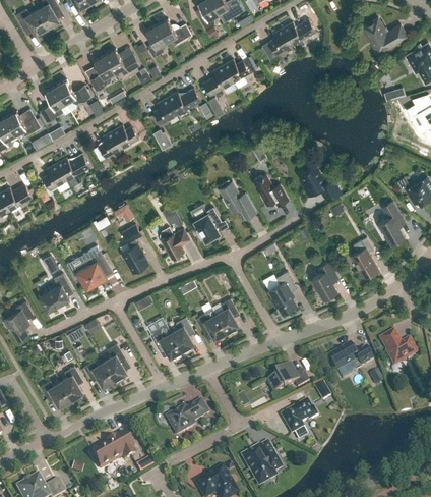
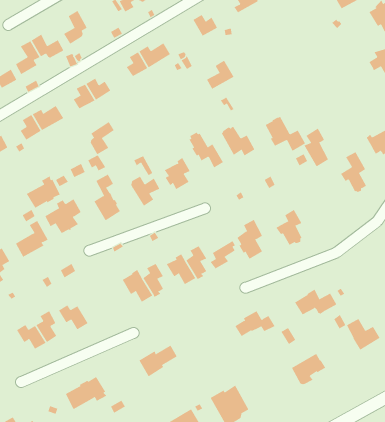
building: [105,48,140,74] -> none
building: [204,64,234,95] -> [206,60,234,89]
building: none -> [90,121,114,155]
building: none -> [26,176,61,209]
building: [352,237,378,278] -> [303,128,329,167]
building: none -> [210,240,236,269]
building: [381,332,417,366] -> [346,318,380,351]
building: [105,343,127,381] -> none
building: [282,400,318,433] -> [291,353,326,385]

